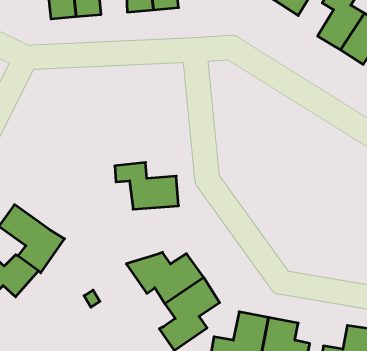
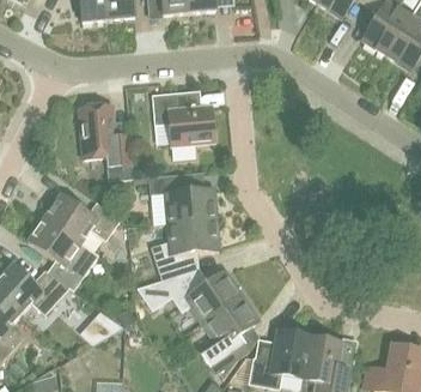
building: none -> [152,92,213,158]
building: none -> [78,105,133,180]
building: none -> [43,194,121,245]
building: none -> [150,219,218,281]

